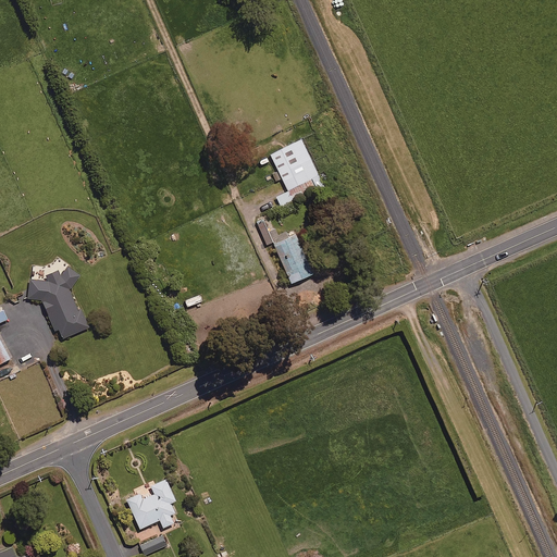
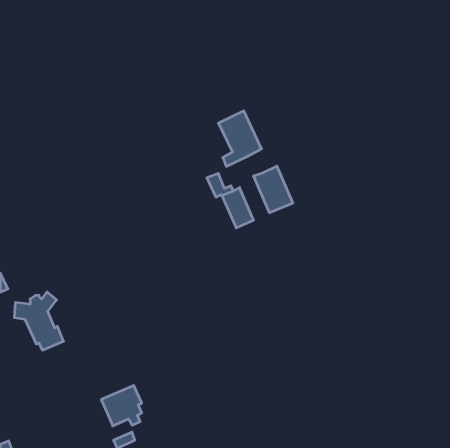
building: none -> [254,166,293,213]
building: [27,267,88,338] -> [14,292,64,350]

